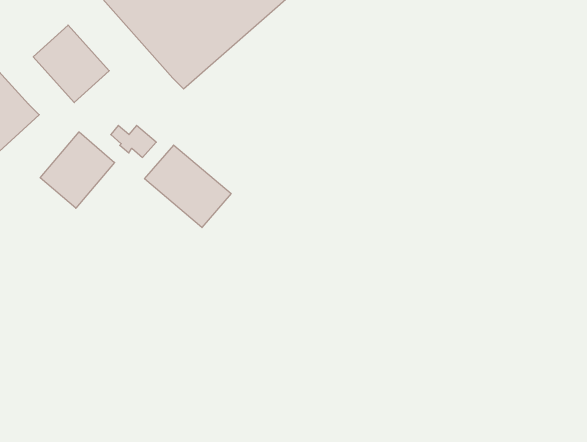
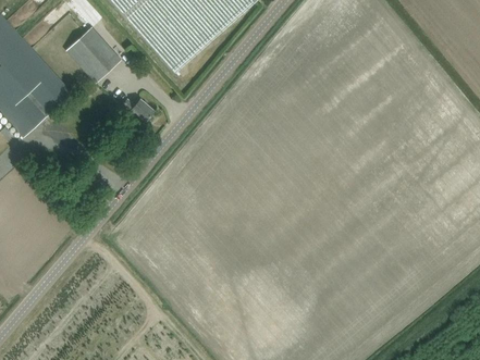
building: [40,132,115,208] -> none
building: [145,145,231,228] -> none

